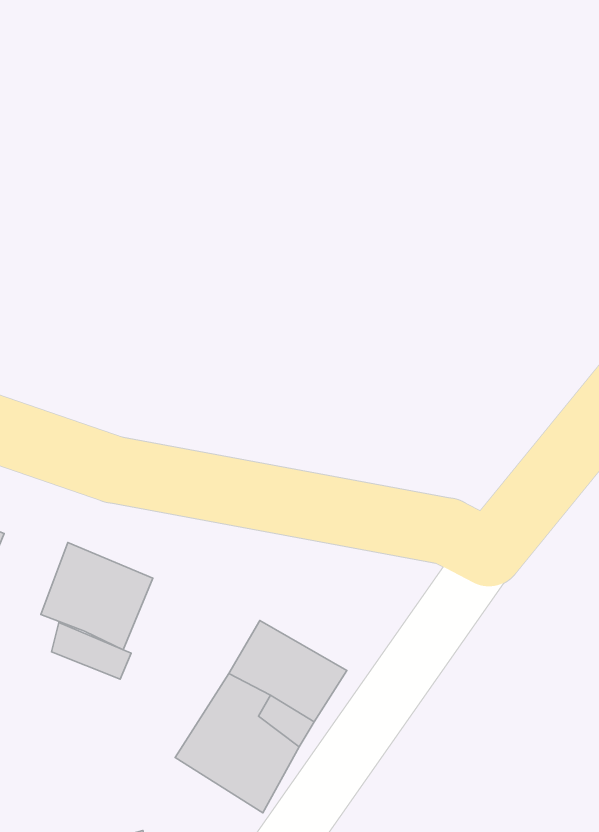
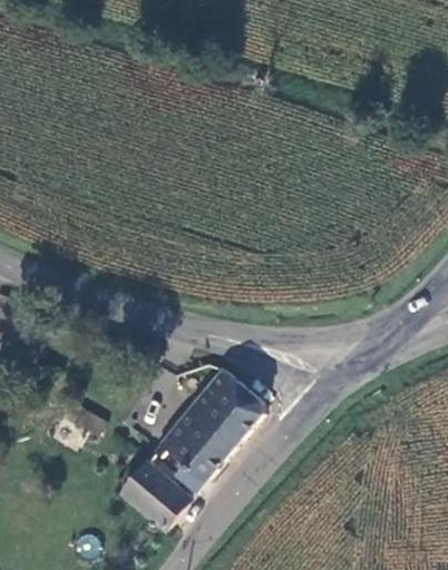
building: [41,543,153,650] -> none
building: none -> [184,375,262,448]

